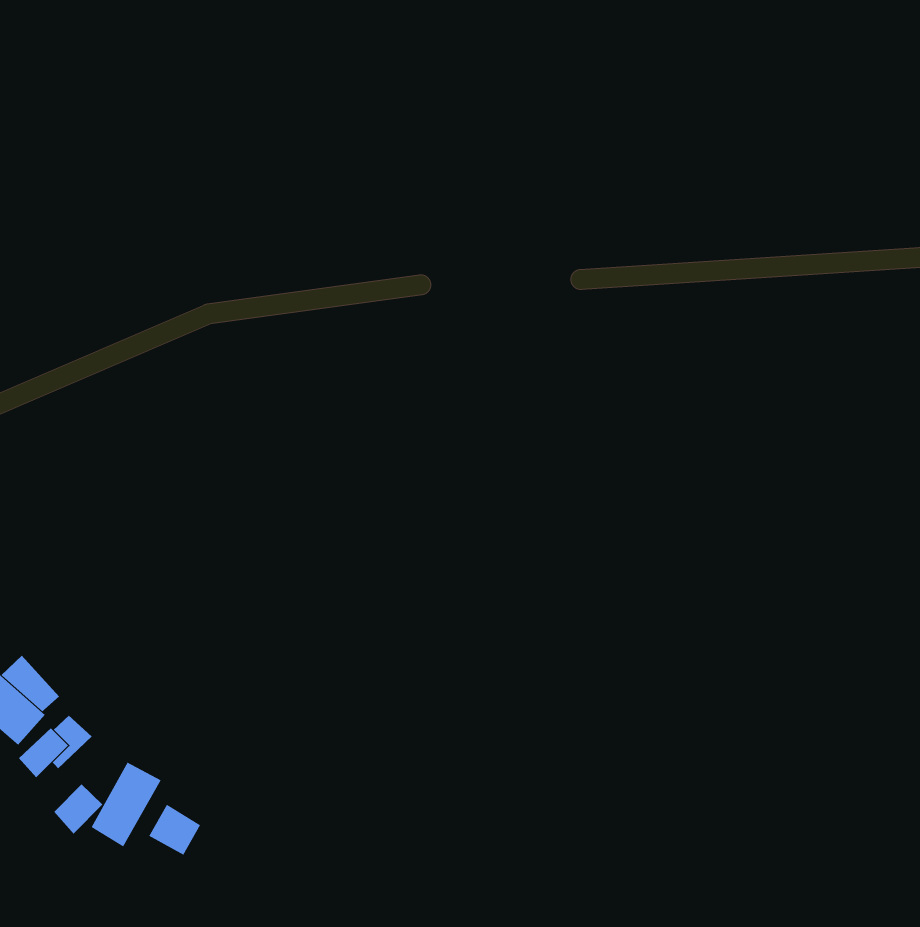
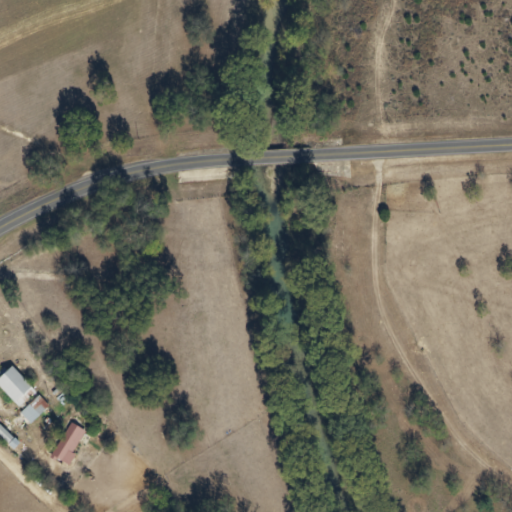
building: [53,784,103,834] -> none
building: [149,804,201,856] -> none

